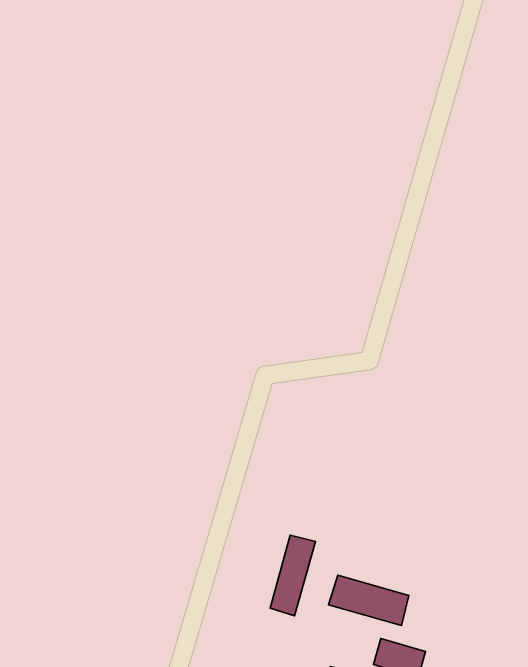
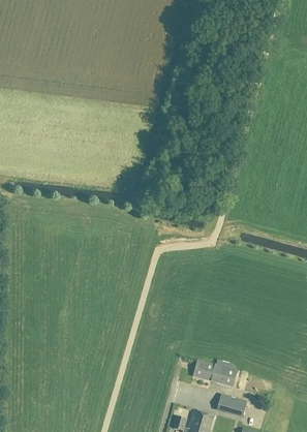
building: [270,535,316,616] -> none

